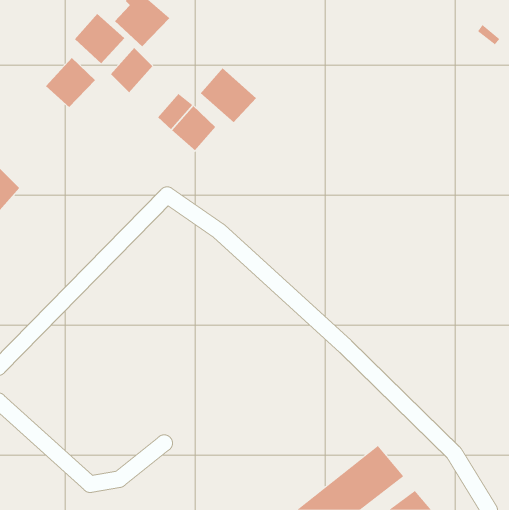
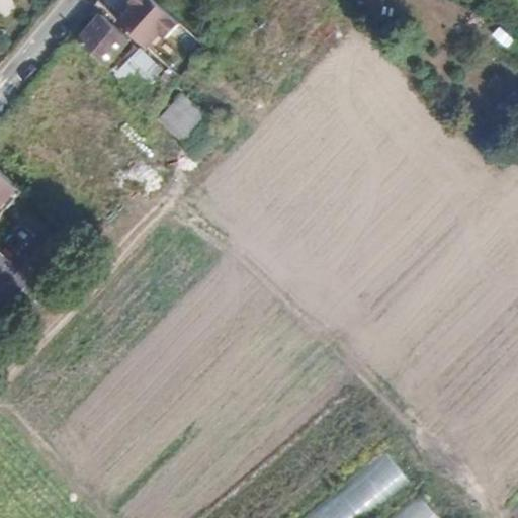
building: [45,57,96,108] -> none
building: [200,67,257,123] -> none

